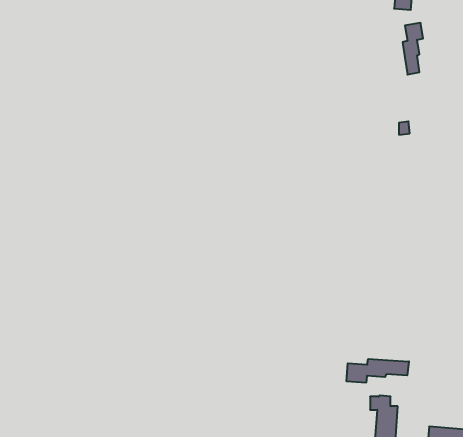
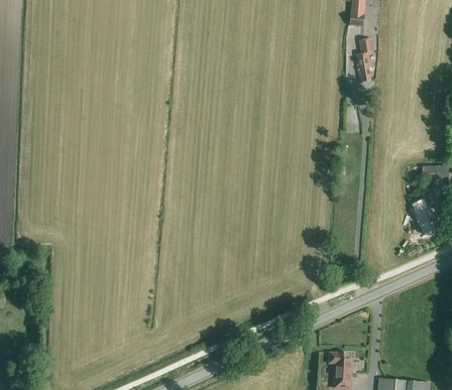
building: [347,359,409,383] -> none

